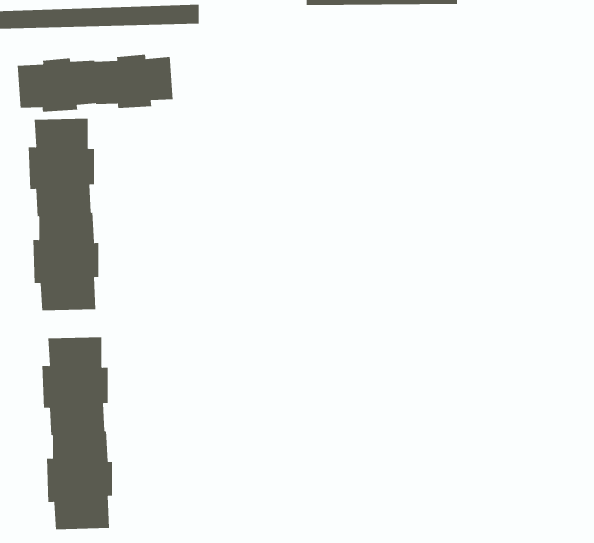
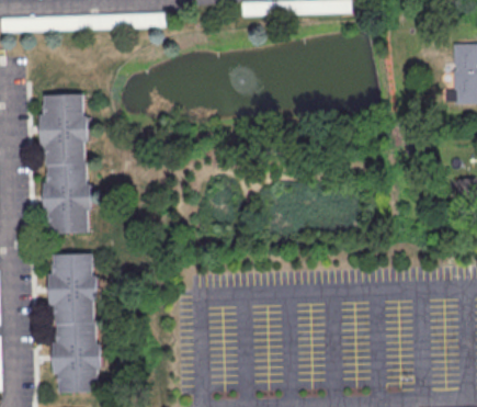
building: [17,54,173,113] -> none

